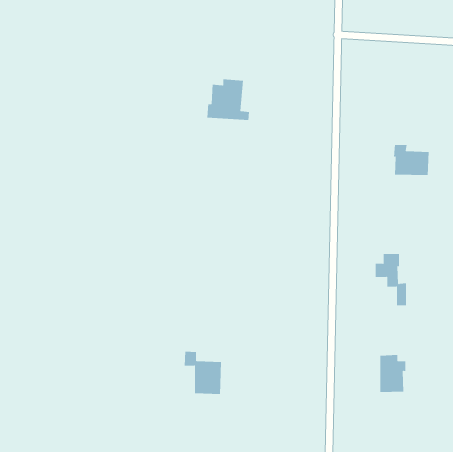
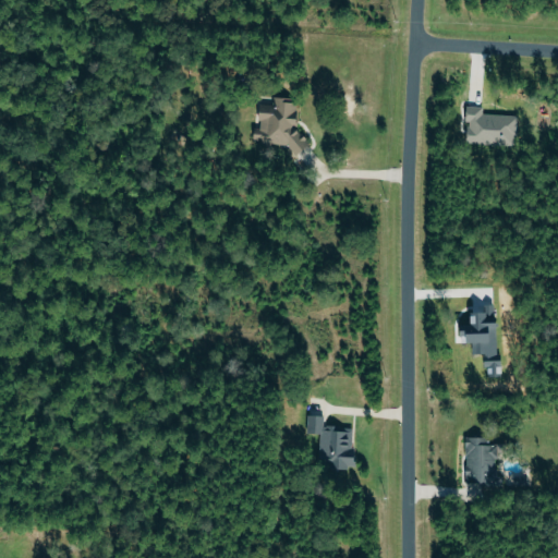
building: [393,145,430,176] -> [466,107,511,145]
building: [184,351,222,395] -> [307,415,354,469]

